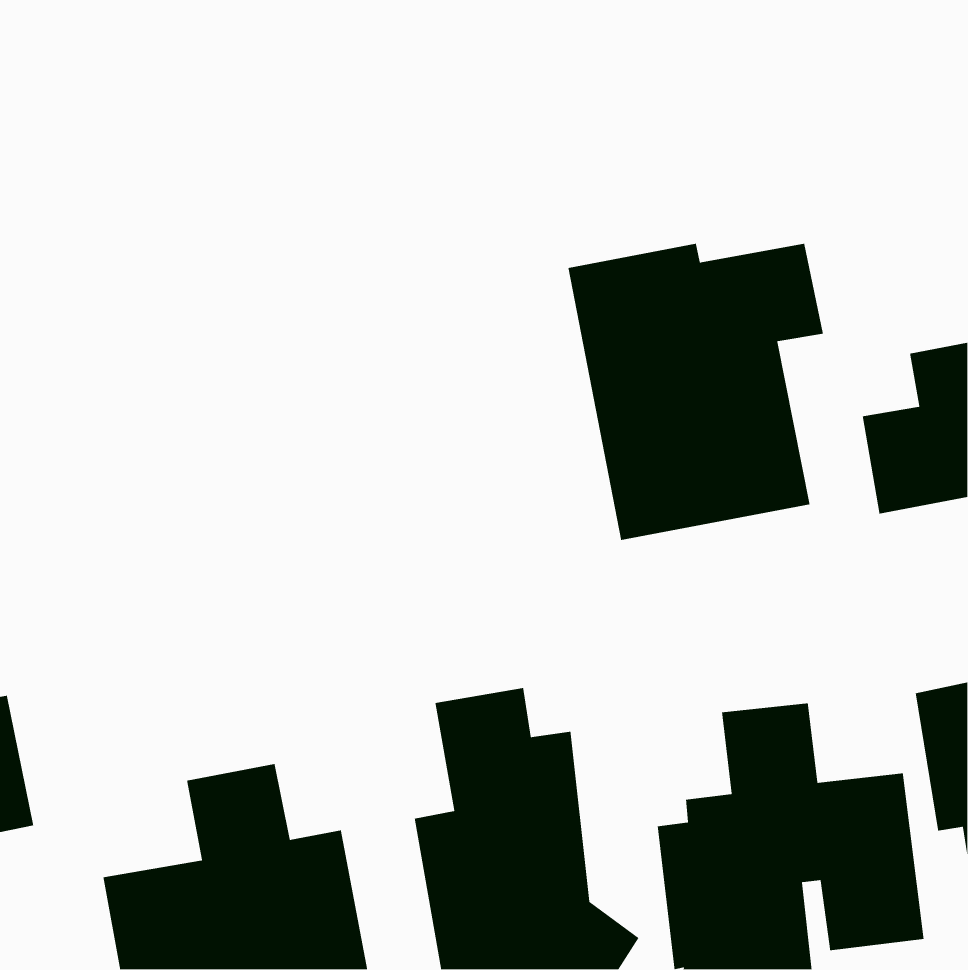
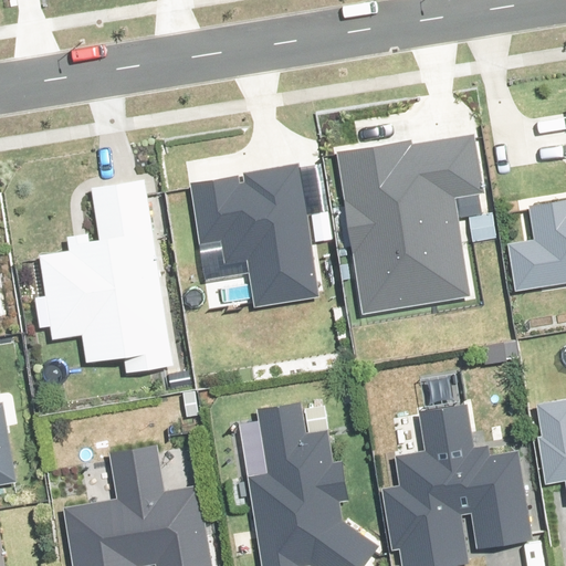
building: none -> [190,166,325,310]
building: none -> [31,180,175,373]

